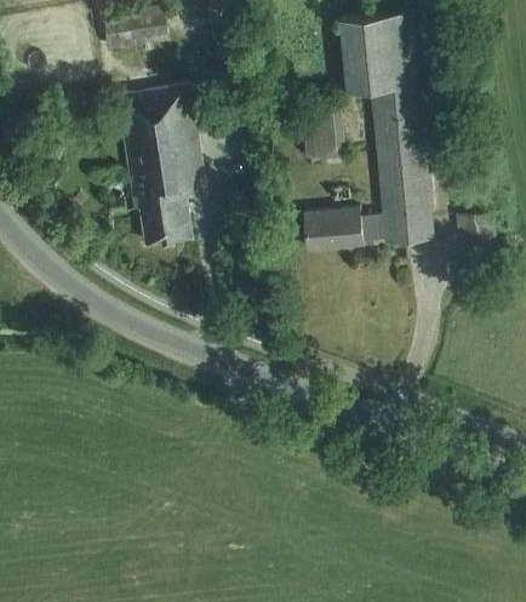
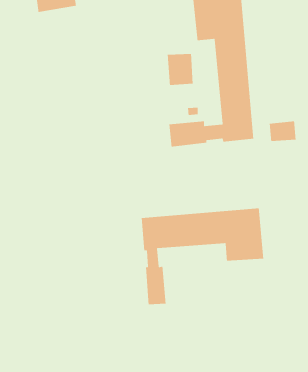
building: [108,87,205,245] -> none
building: none -> [141,207,264,305]

